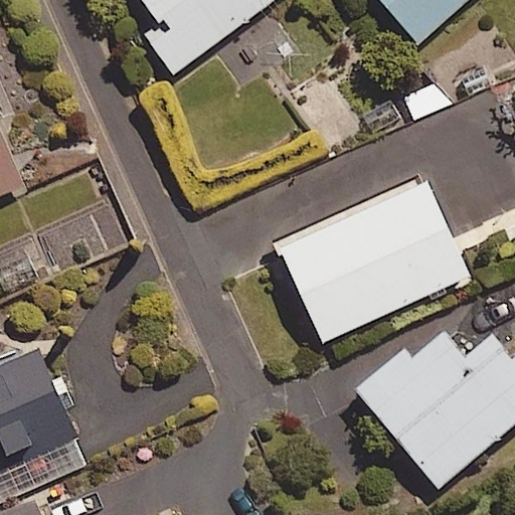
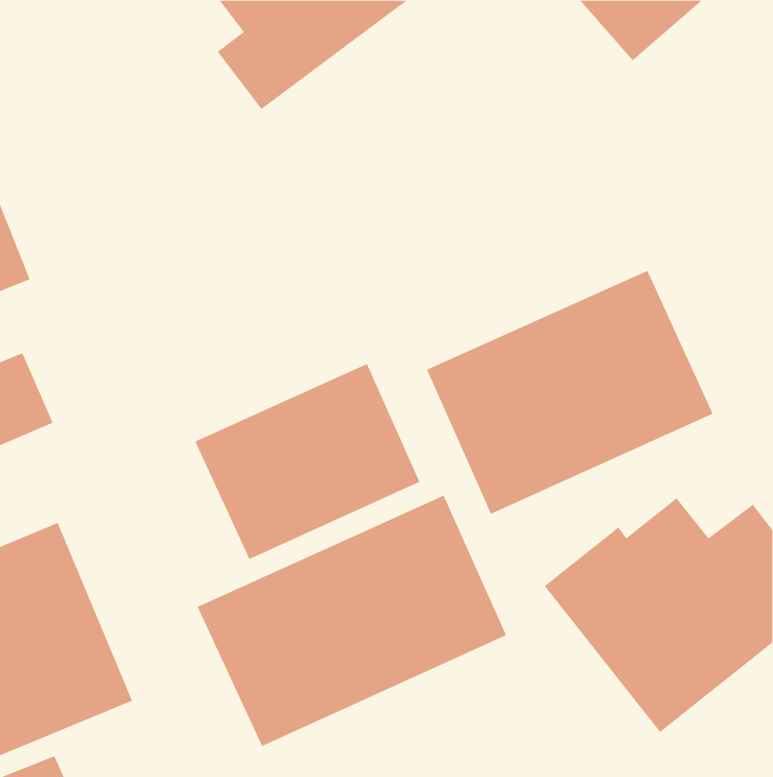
building: none -> [194,363,420,560]
building: none -> [197,495,507,747]

